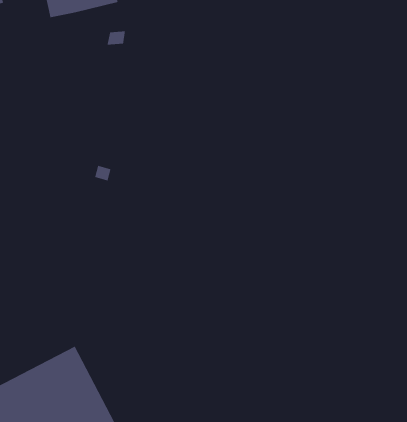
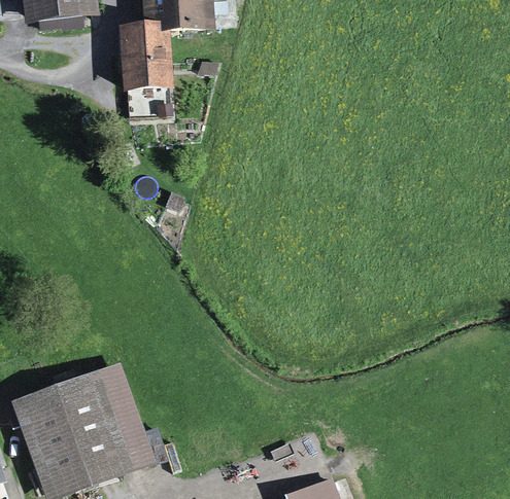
building: none -> [118,33,174,117]

